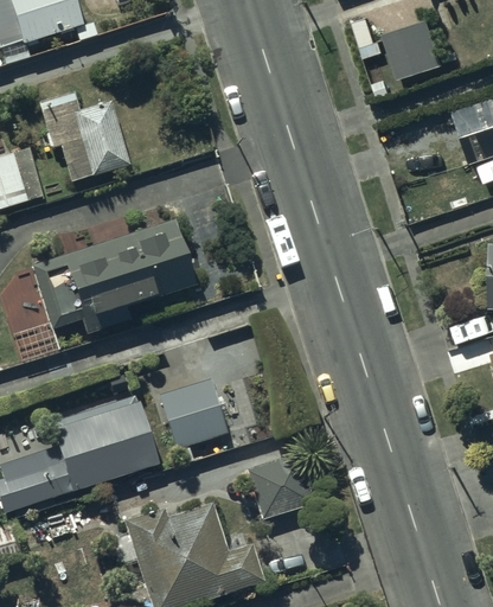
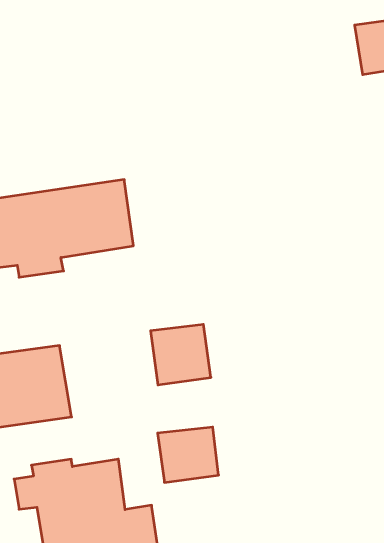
building: [40,87,129,181] -> none
building: [160,381,228,448] -> [151,324,211,385]

